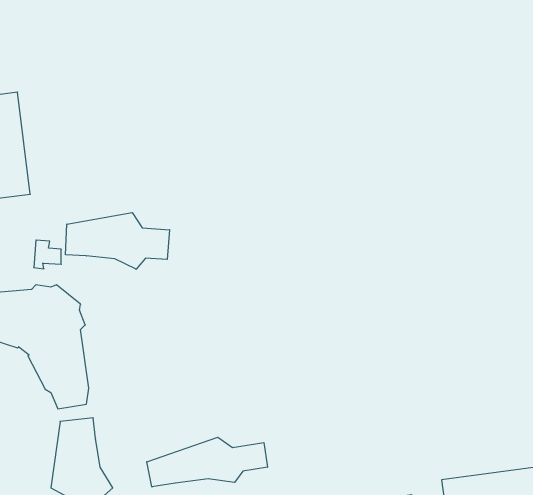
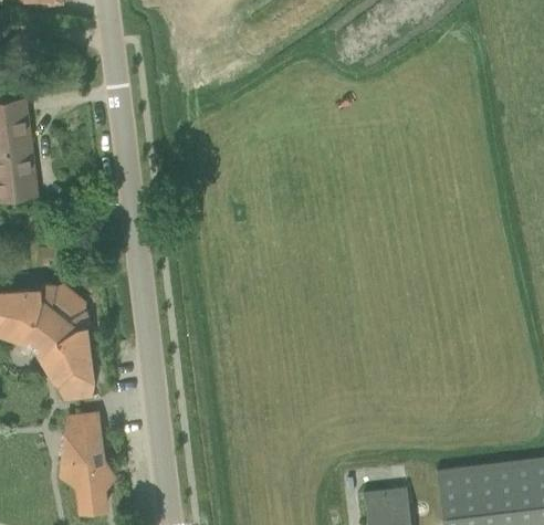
building: [66,213,170,269] -> none
building: [147,437,267,487] -> none

